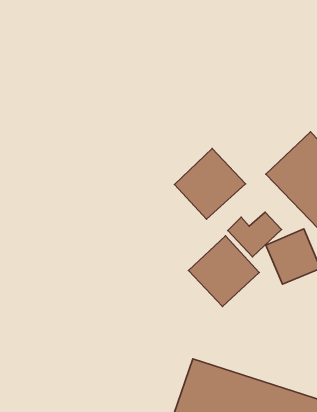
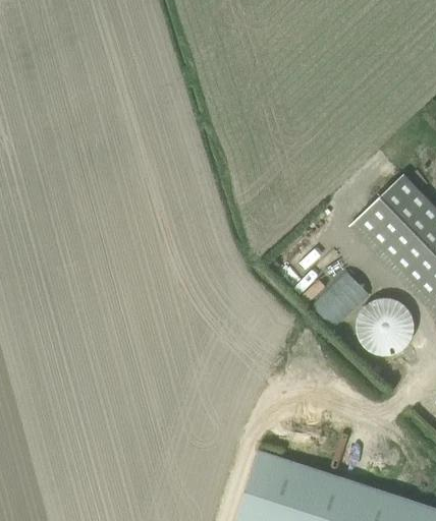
building: [174,149,245,219] -> none
building: [189,236,259,306] -> none

